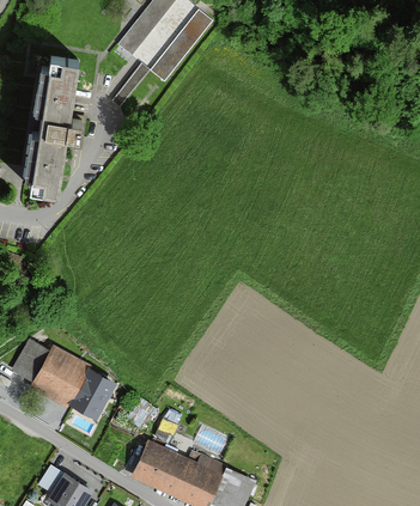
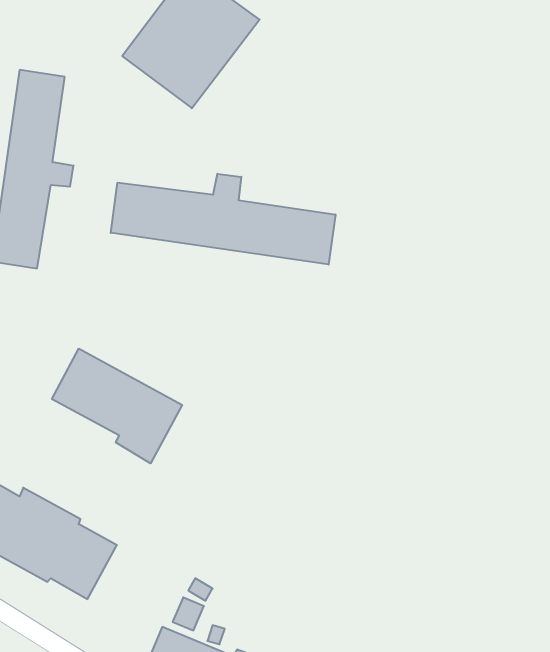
building: none -> [111,174,335,265]
building: none -> [52,349,182,463]

